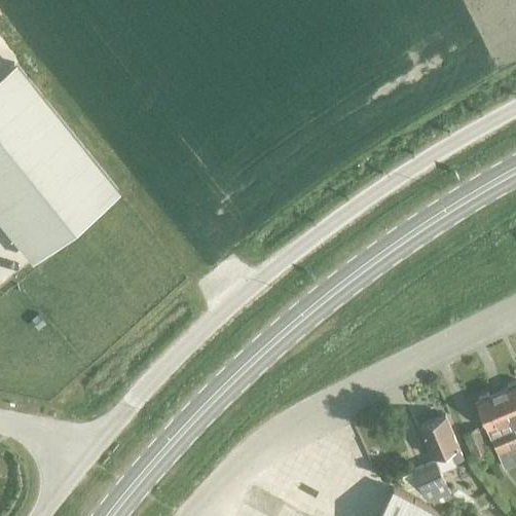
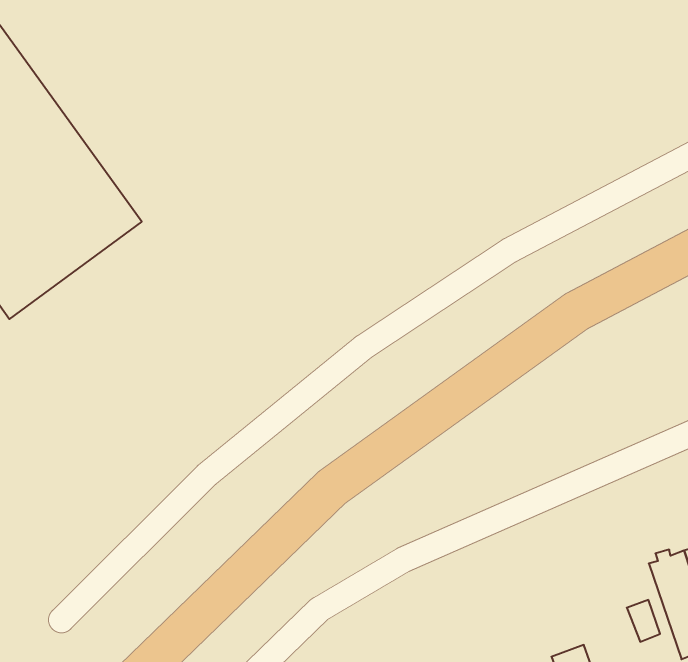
building: [420,419,463,467] -> none

